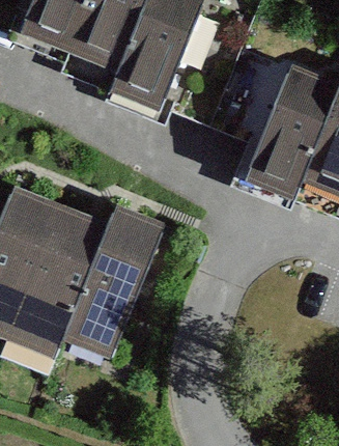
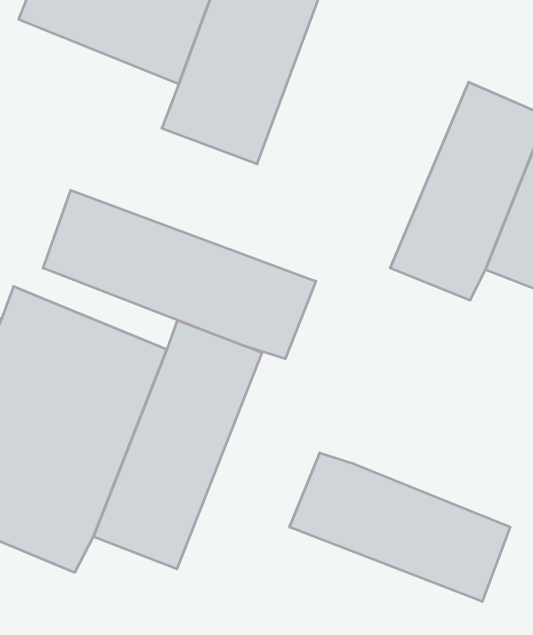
building: none -> [43,190,316,359]
building: none -> [290,453,510,602]

